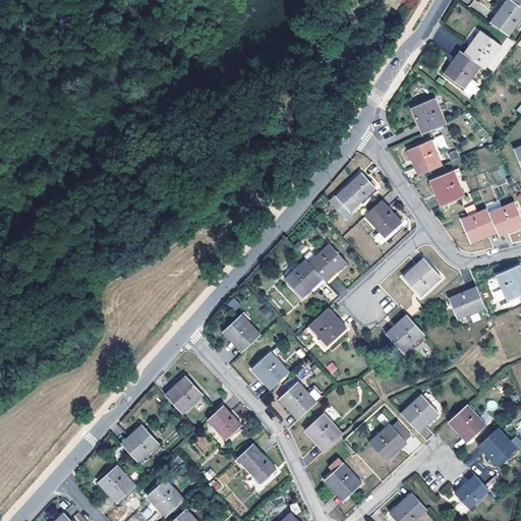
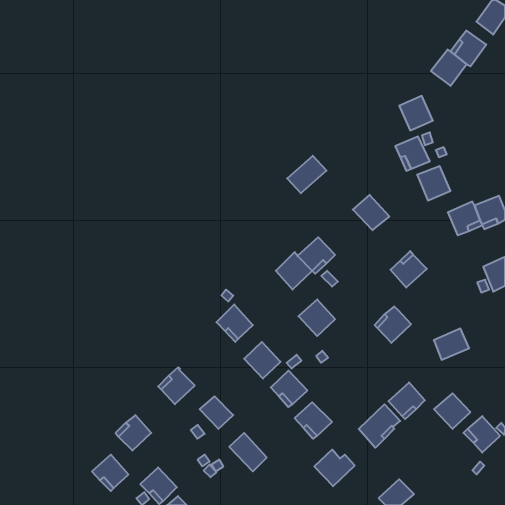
building: [334,172,374,211] -> [287,156,327,193]
building: [450,287,486,320] -> [434,328,469,360]
building: [455,474,487,509] -> none

